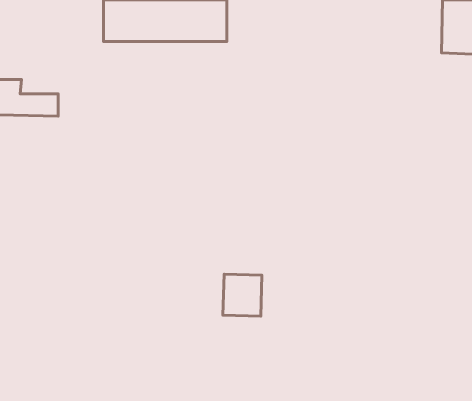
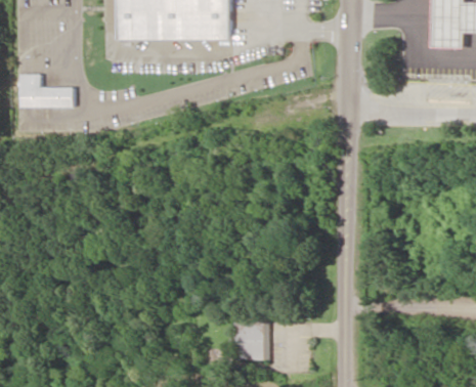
building: [223,274,262,316] -> [233,320,269,359]

